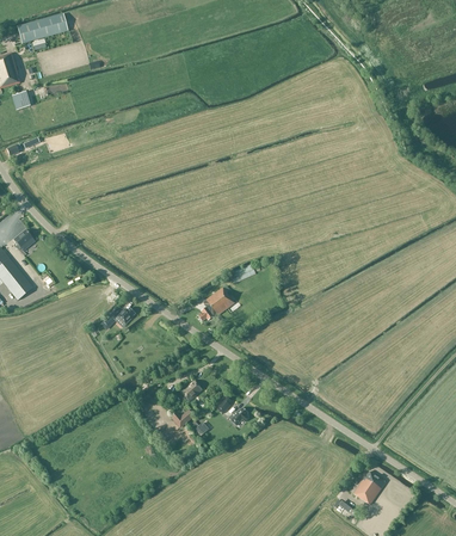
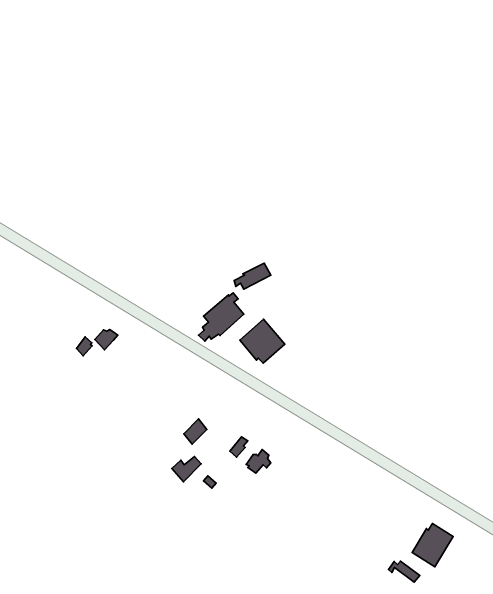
building: none -> [240,319,285,363]

